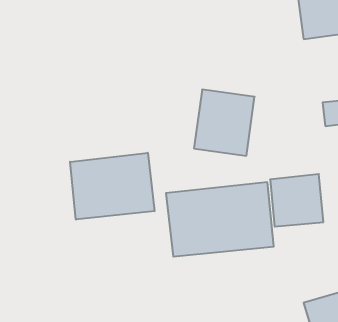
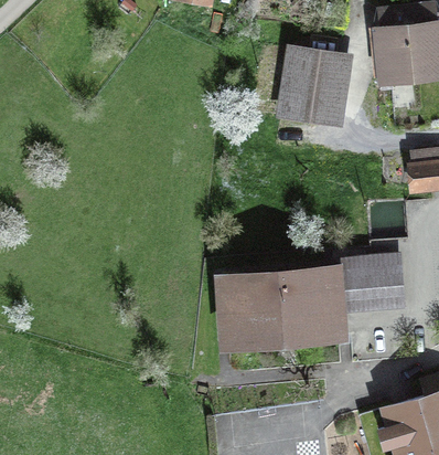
building: [194,90,255,156] -> [278,45,352,126]
building: [70,153,154,220] -> none

